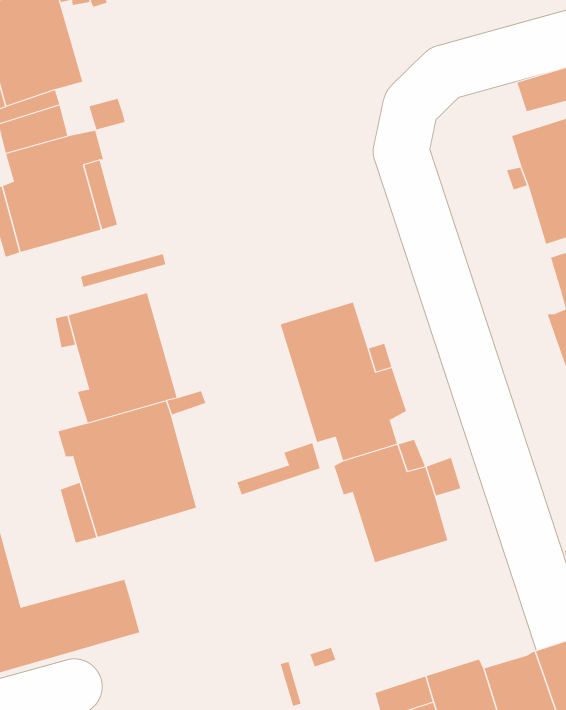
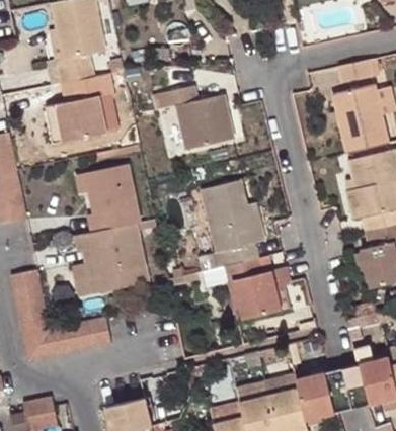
building: none -> [152,86,233,150]

